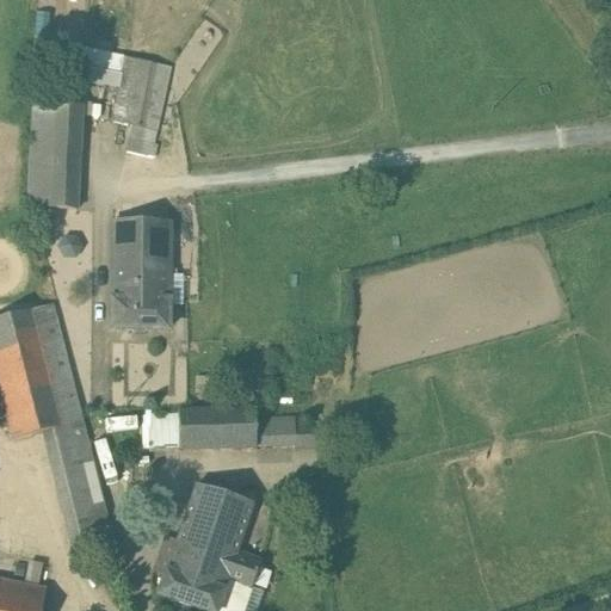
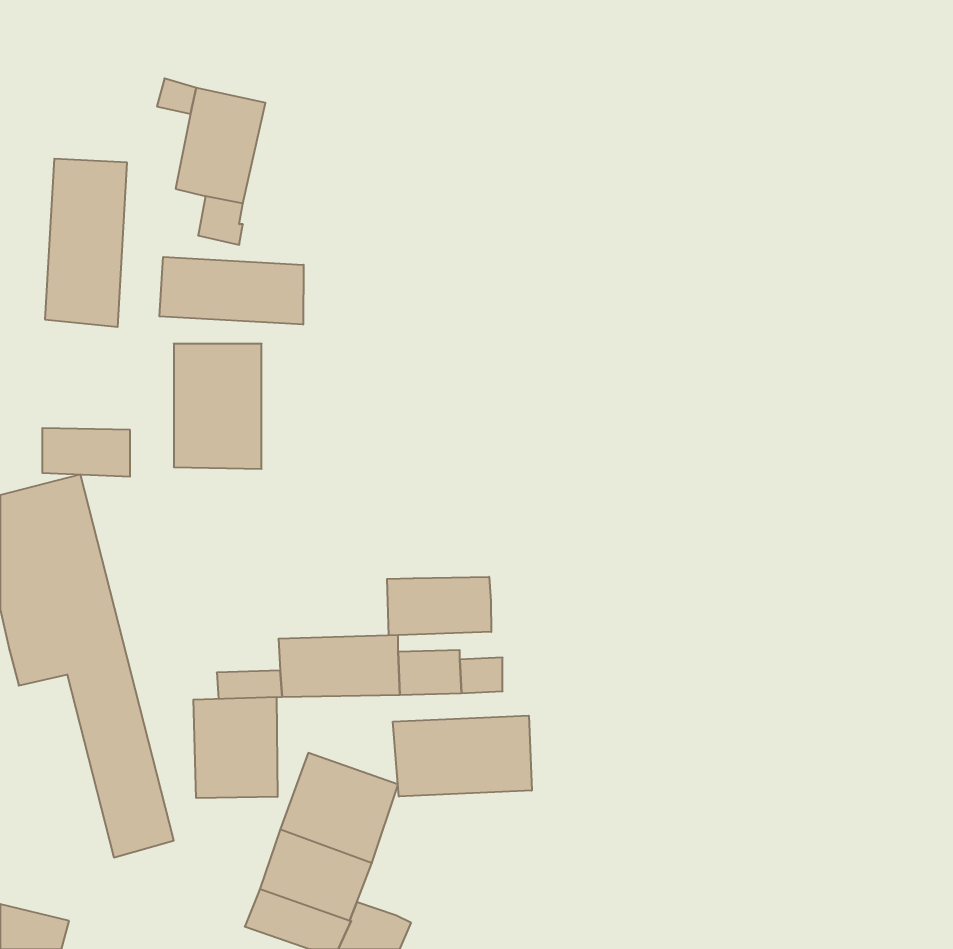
building: none -> [159,257,304,325]
building: [112,298,168,329] -> [42,428,130,477]
building: none -> [387,577,491,635]
building: none -> [193,697,277,798]
building: none -> [393,716,532,797]
building: [229,551,264,585] -> none

